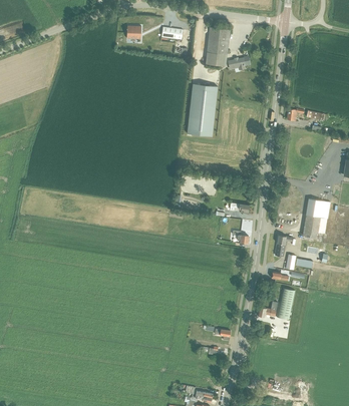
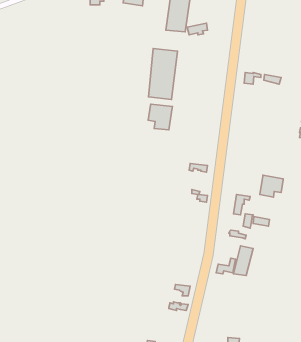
building: none -> [148,104,173,130]
building: [305,198,329,219] -> none

